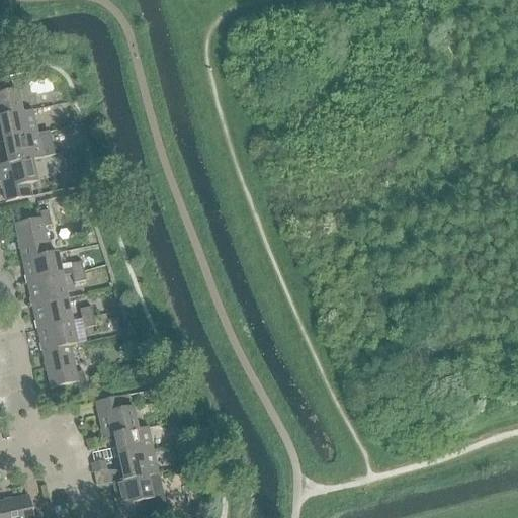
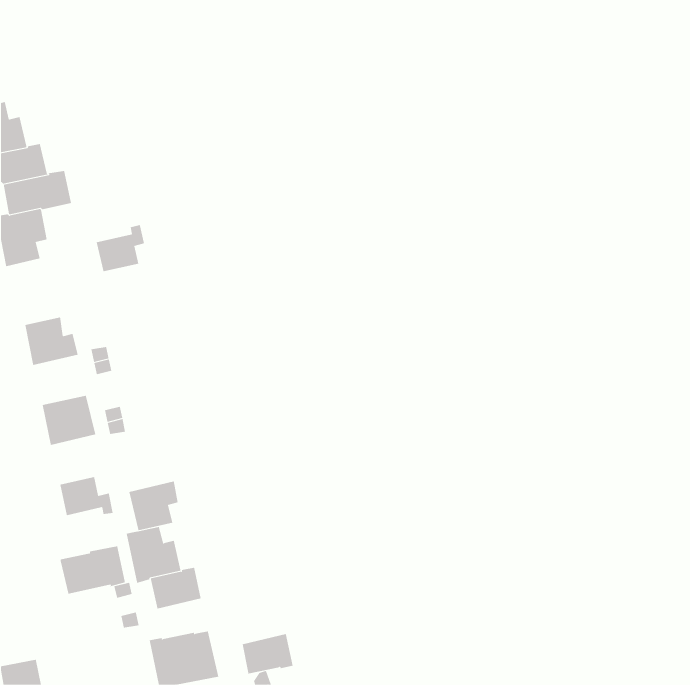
building: [14,207,51,243] -> [96,225,145,272]
building: [25,265,66,303] -> none
building: [38,325,76,362] -> [128,481,178,531]
building: none -> [60,546,125,595]
building: [118,447,157,478] -> [242,633,293,674]

